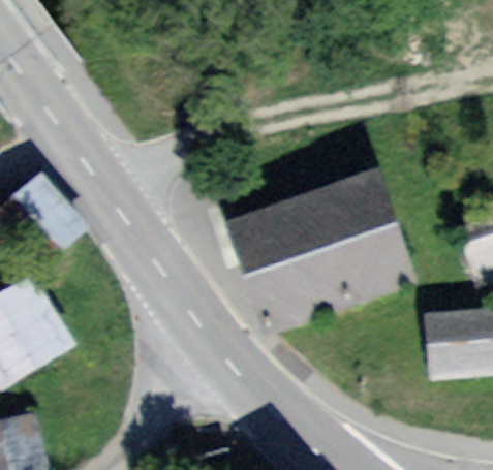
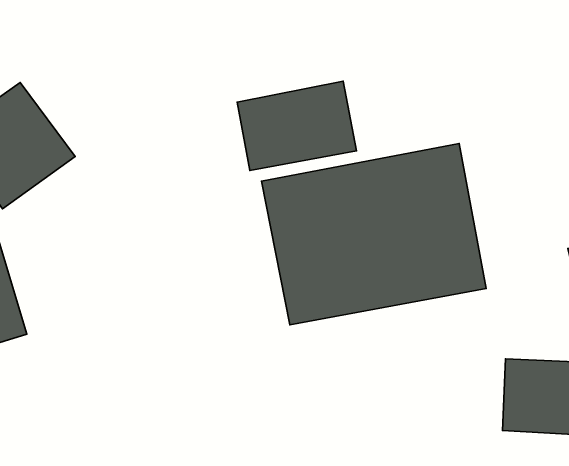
building: none -> [237,81,356,170]

